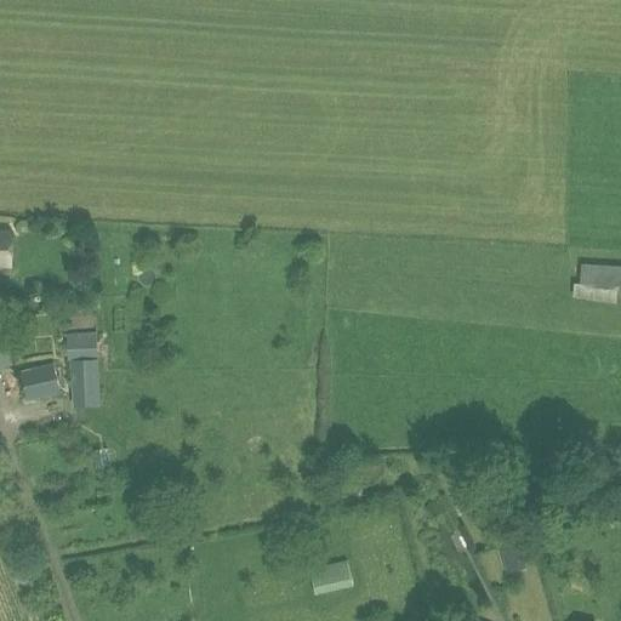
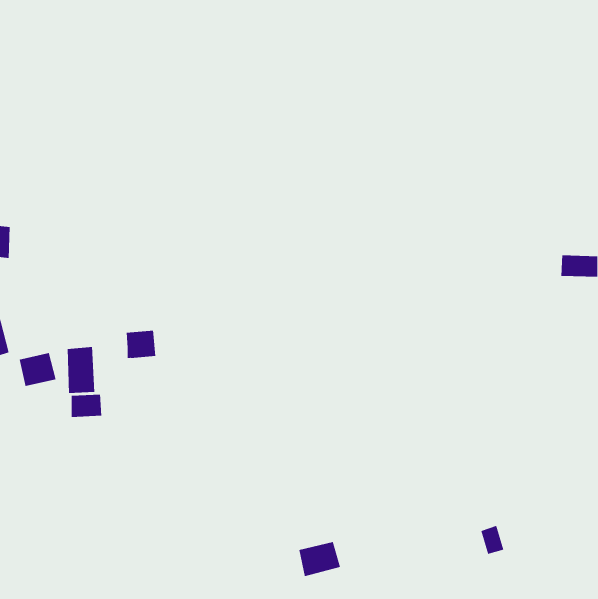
building: [64,331,96,360] -> [126,330,156,358]
building: none -> [71,394,102,418]

